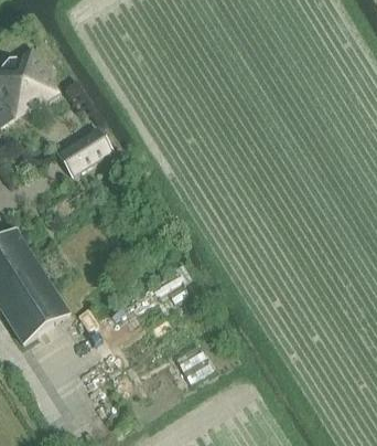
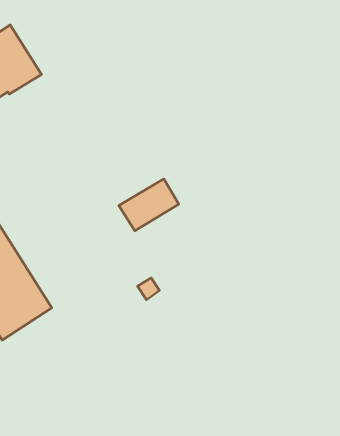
building: [56,127,114,177] -> [119,179,179,231]

